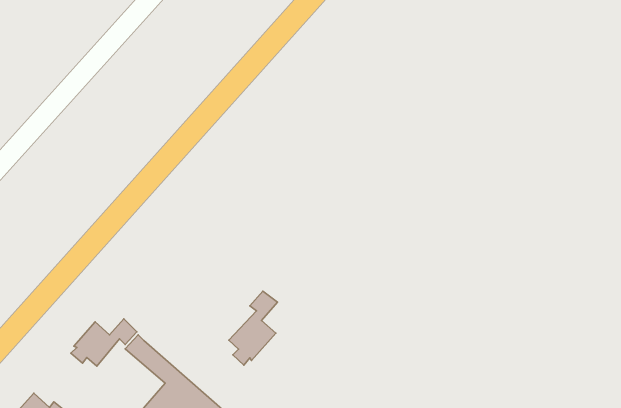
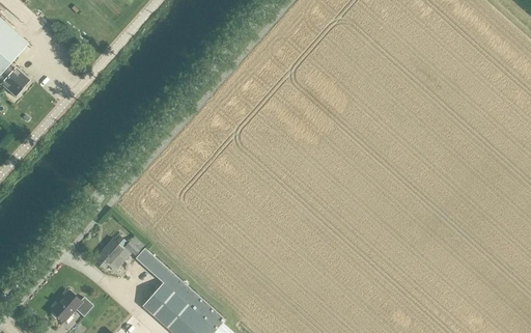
building: [229,291,277,365] -> none

